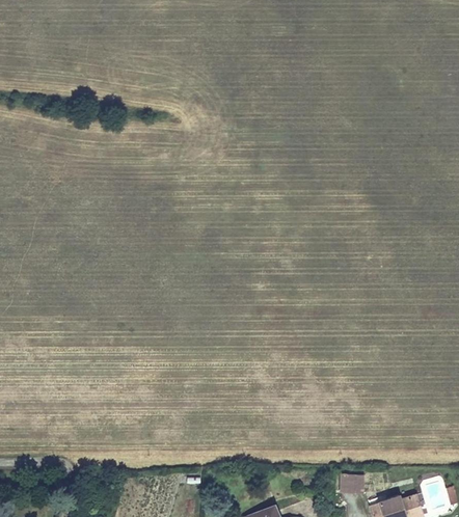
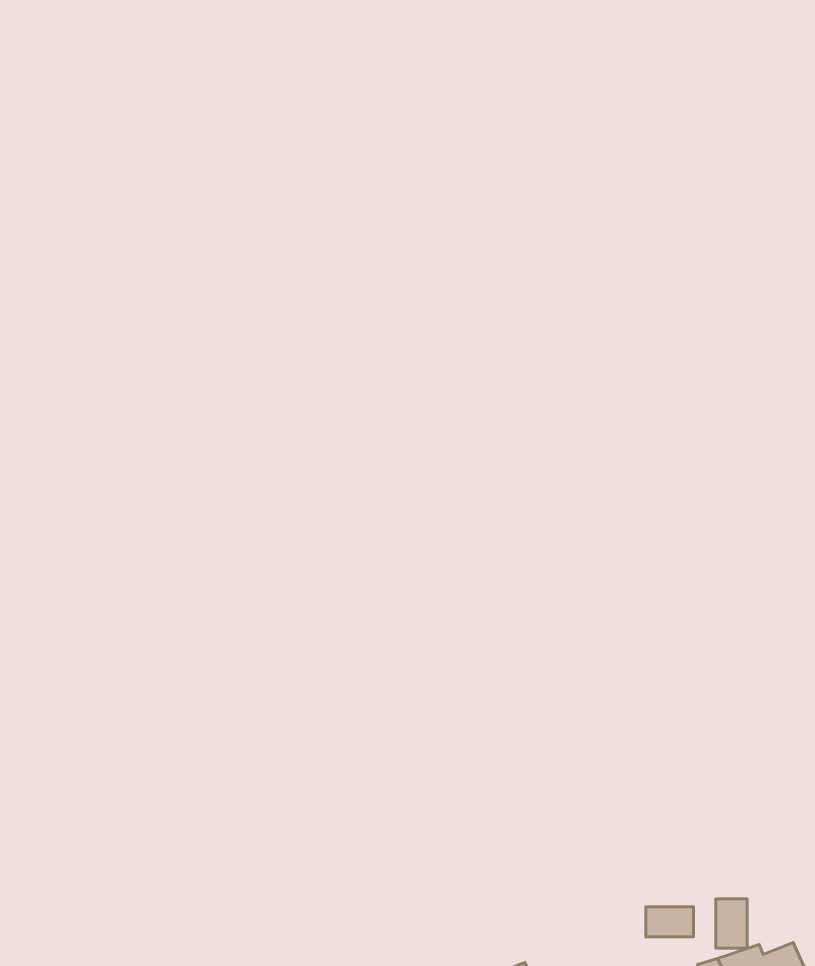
building: none -> [716,899,747,948]

